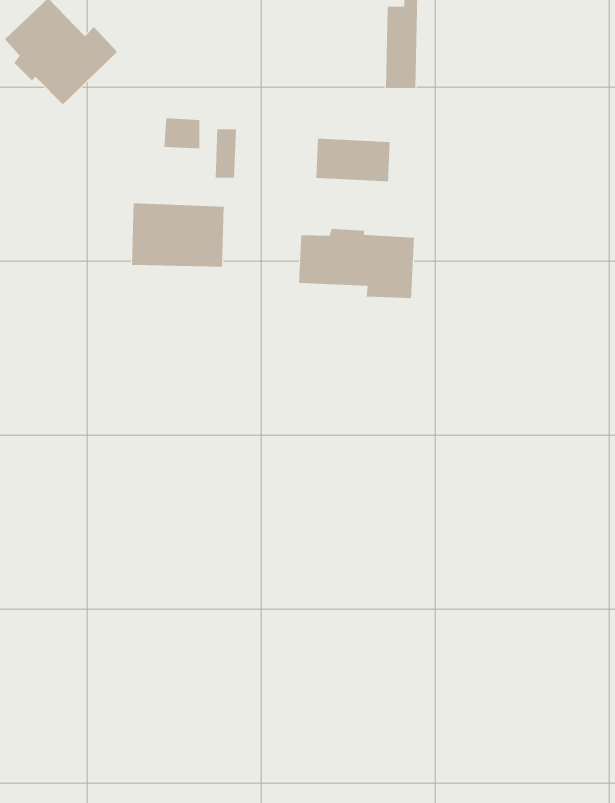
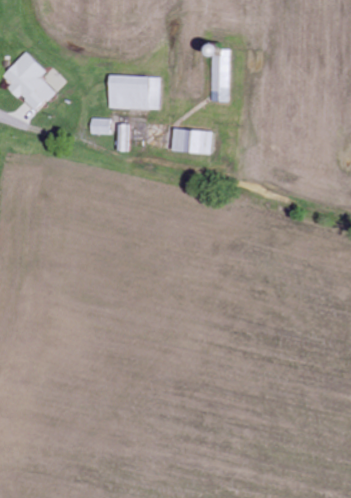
building: [131,203,225,267] -> [109,74,160,109]
building: [299,228,415,299] -> none

